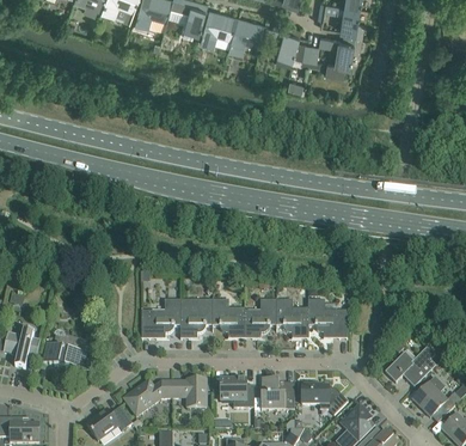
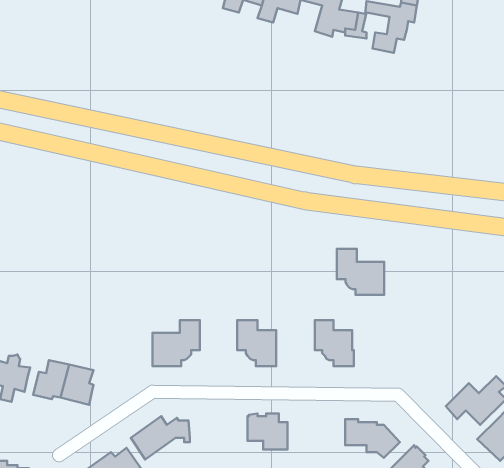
building: [179,300,211,338] -> none
building: [244,300,276,338] -> none
building: [307,300,347,338] -> [337,249,384,295]
building: [260,378,294,410] -> none
building: [171,379,206,408] -> none

